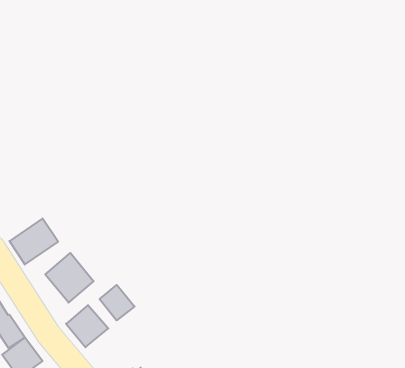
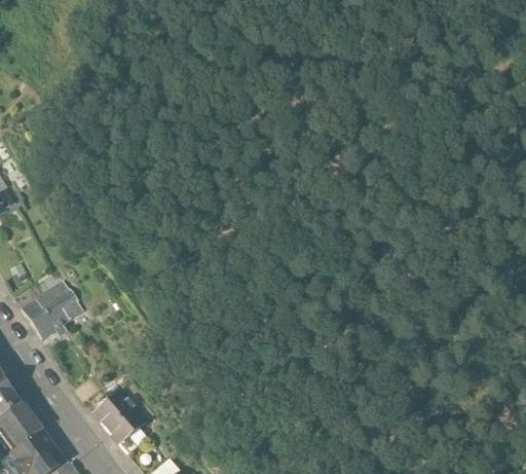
building: [45,253,94,303] -> none
building: [100,285,135,320] -> none

